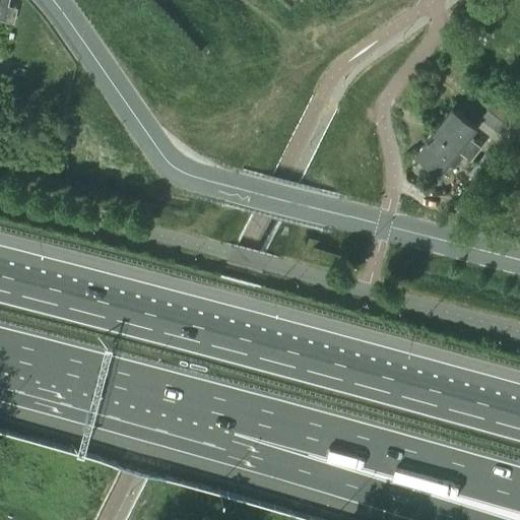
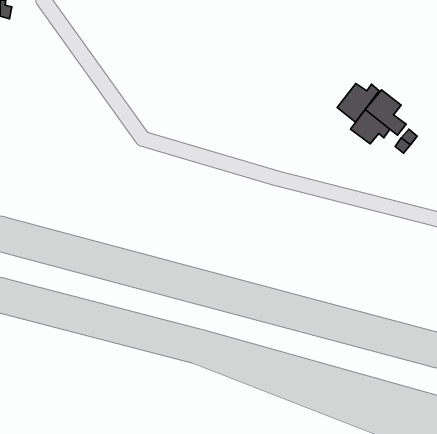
building: none -> [337,84,379,122]

